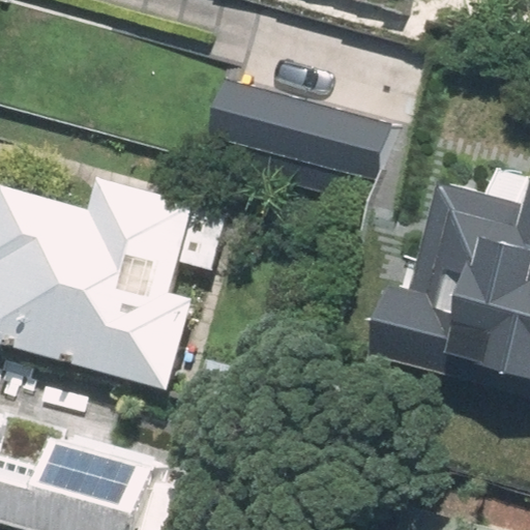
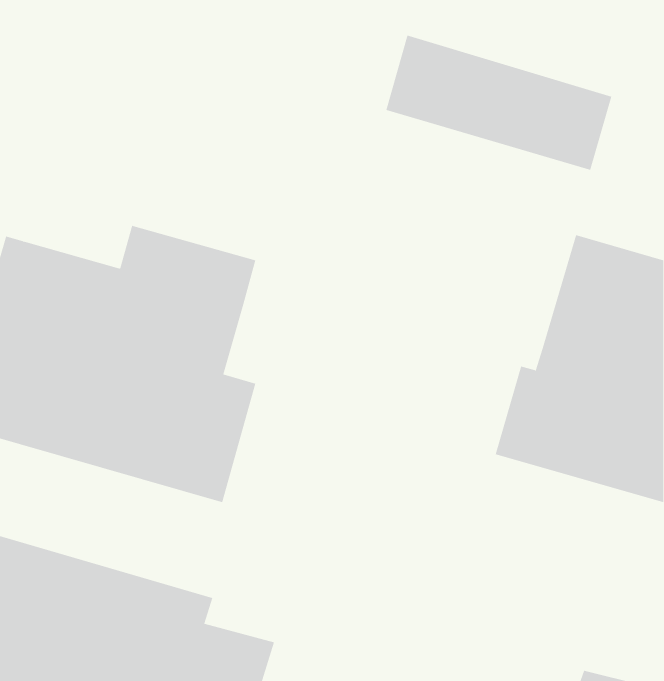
building: [211,78,386,182] -> [386,35,612,170]

